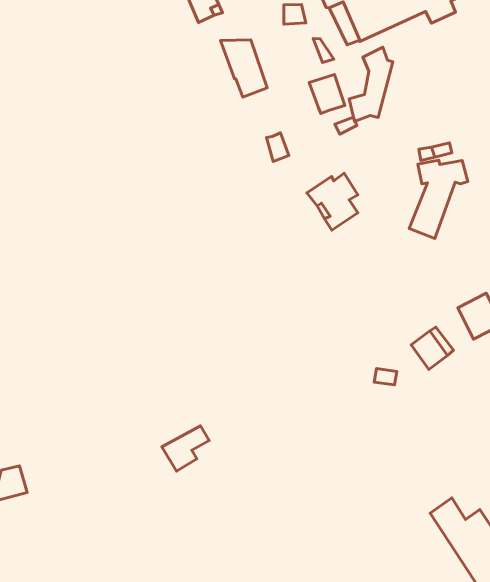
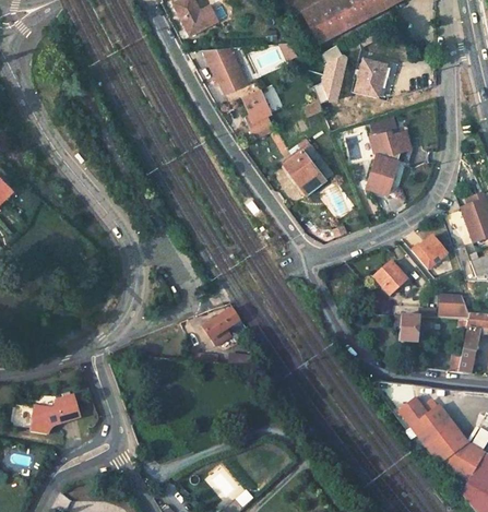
building: none -> [355,57,385,93]
building: [309,74,345,114] -> [242,88,272,120]
building: none -> [398,314,418,342]
building: [162,426,209,471] -> [202,308,239,345]

